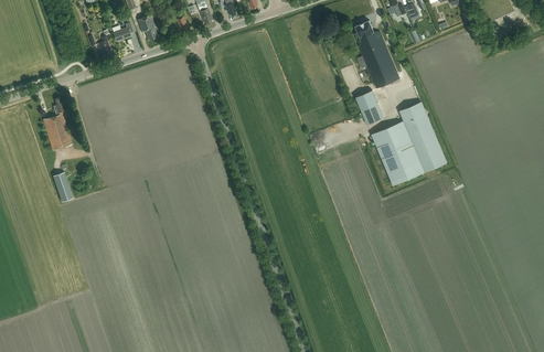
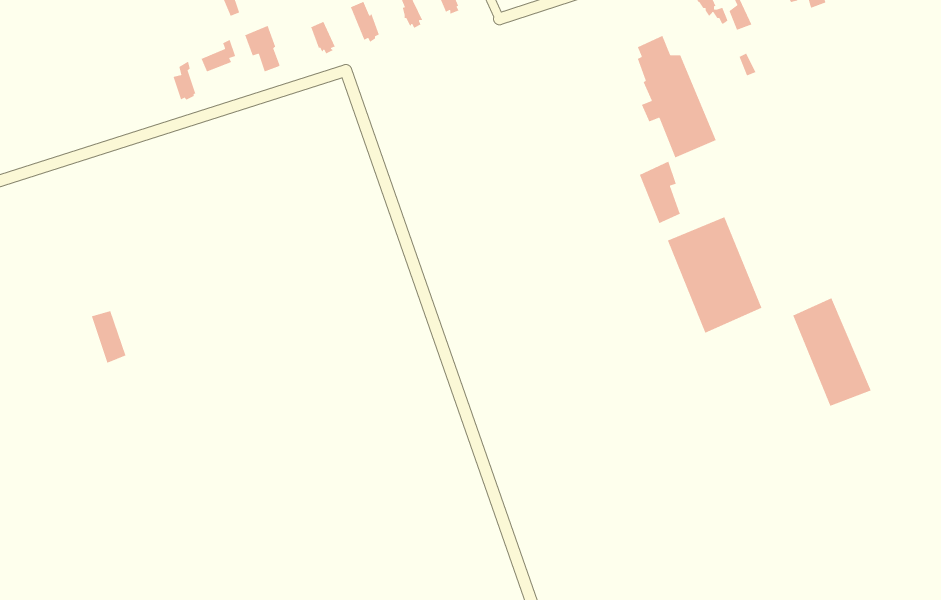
building: [43,97,72,150] -> none
building: [404,110,448,171] -> [792,297,872,407]

